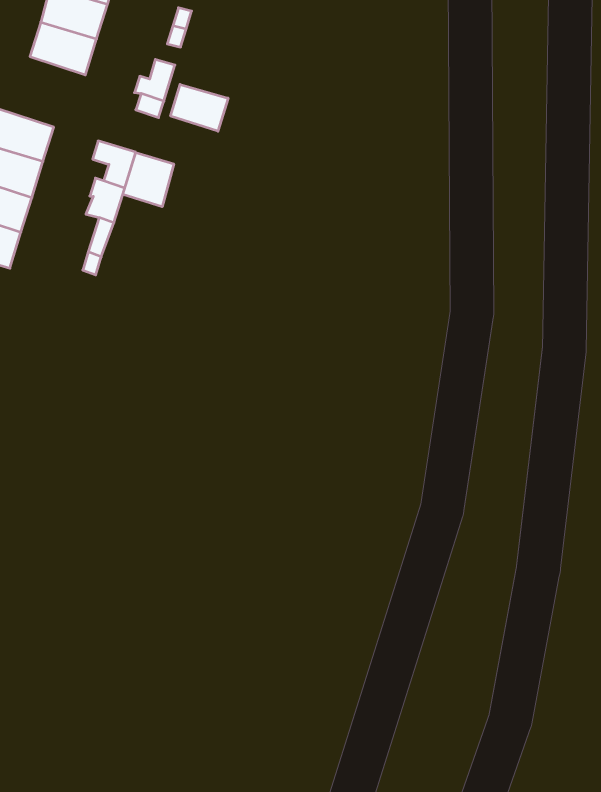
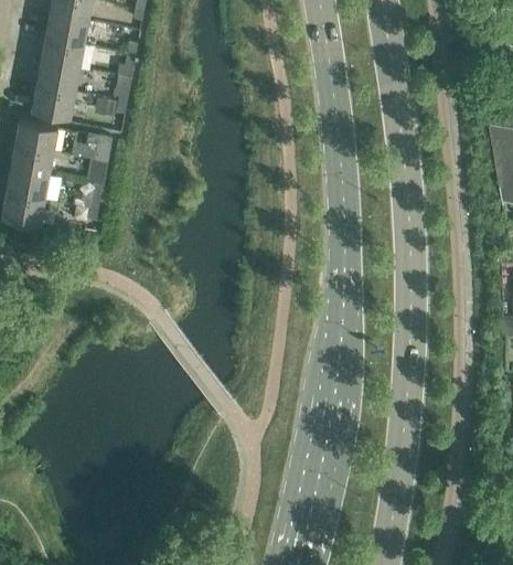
building: none -> [32,84,75,117]
building: [171,84,228,131] -> none
building: [123,153,174,207] -> none

